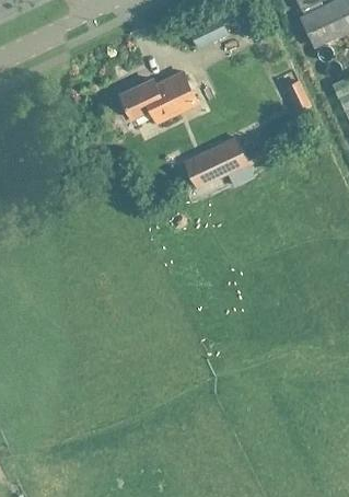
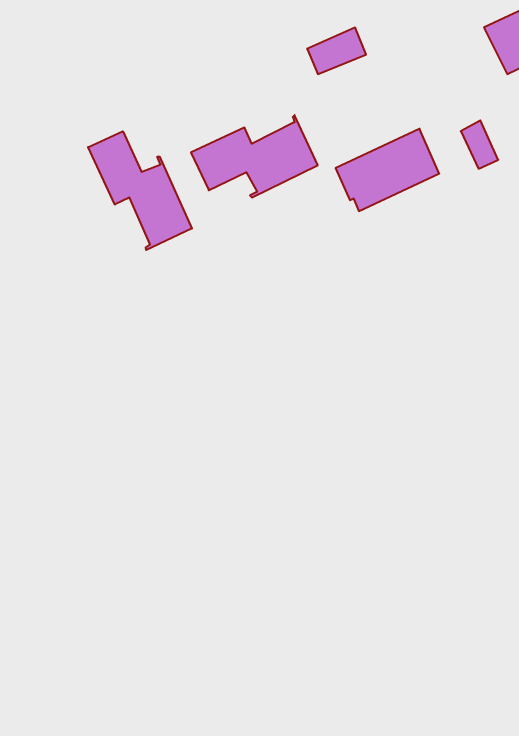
building: none -> [88,131,192,250]
building: [185,137,248,187] -> [336,129,439,211]

